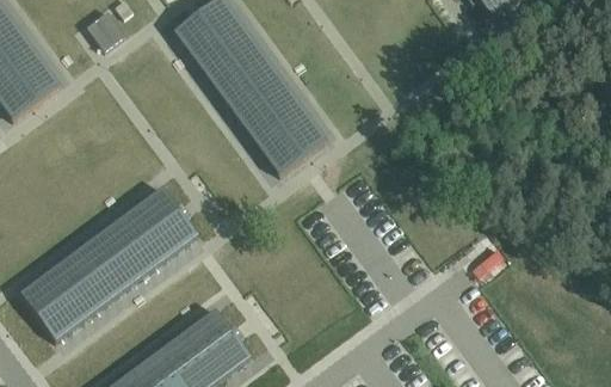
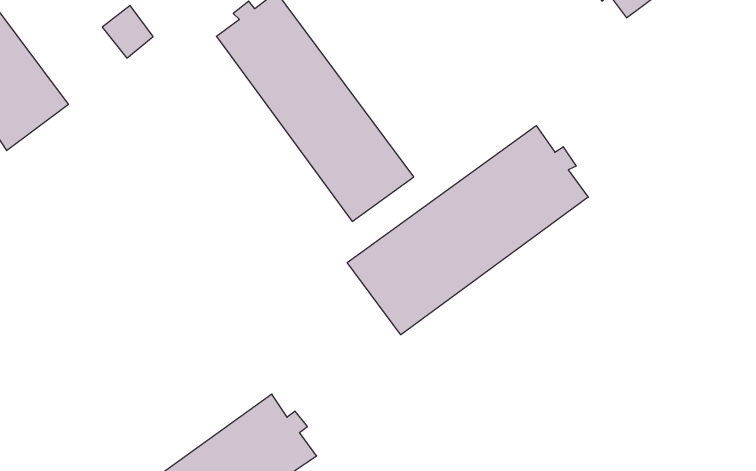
building: none -> [347,126,588,335]
building: [20,186,198,339] -> none

